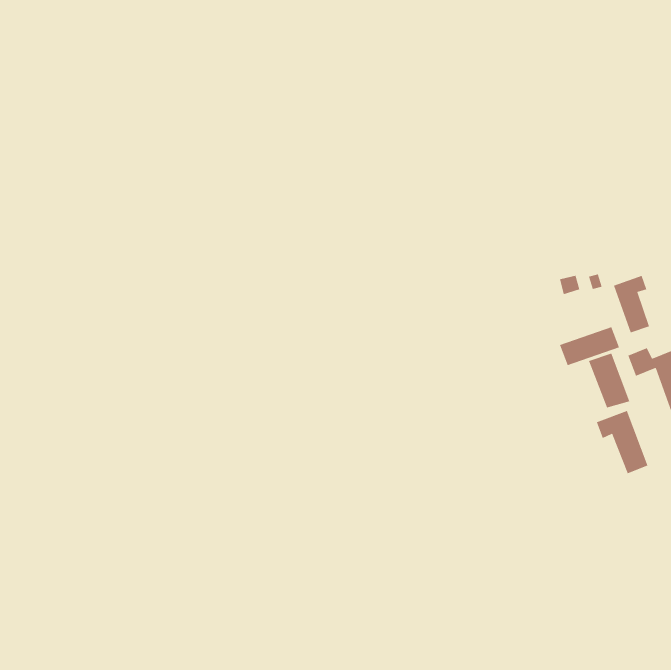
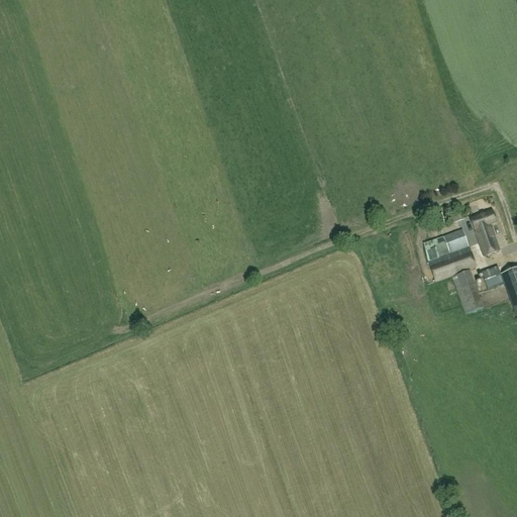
building: none -> [424,229,470,261]
building: [596,410,648,474] -> none

